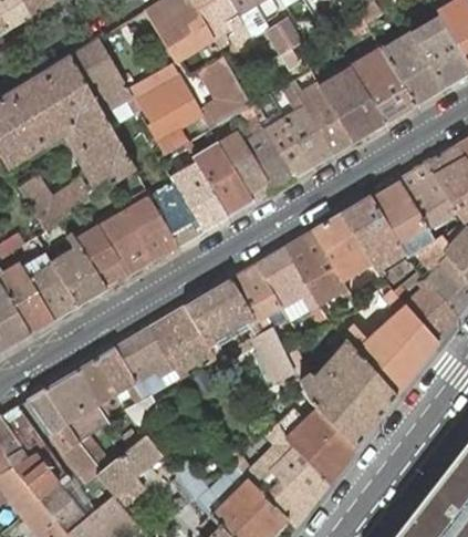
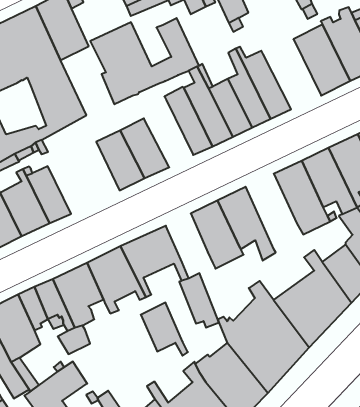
building: [319,66,385,142] -> none
building: [193,142,253,216] -> none
building: [98,196,178,276] -> none
building: [313,213,372,293] -> none
building: [231,264,285,319] -> [141,303,188,356]

